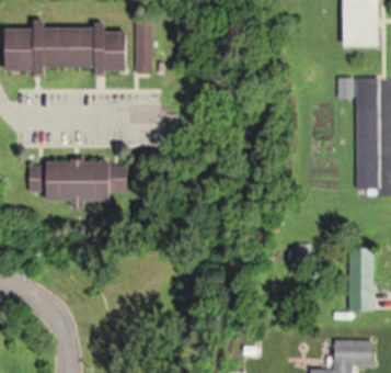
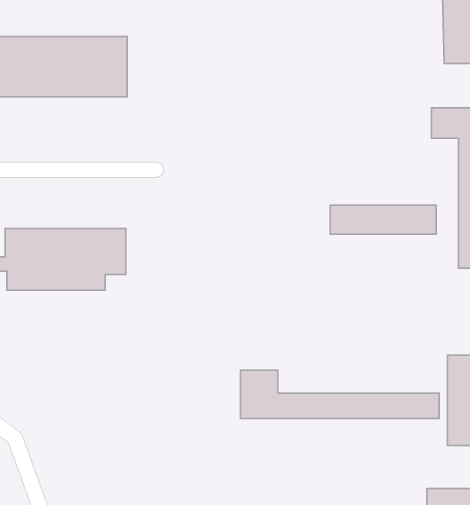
building: [134,20,150,72] -> none
building: none -> [330,205,436,234]
building: none -> [241,370,439,419]

